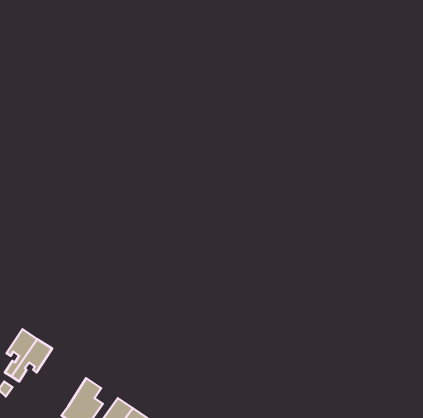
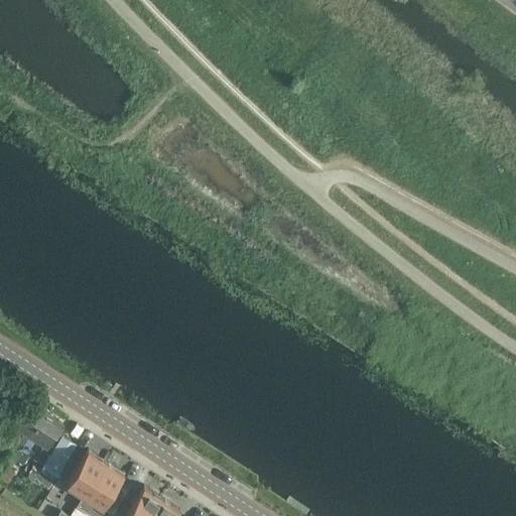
building: none -> [42,441,76,482]
building: none -> [64,455,105,501]

